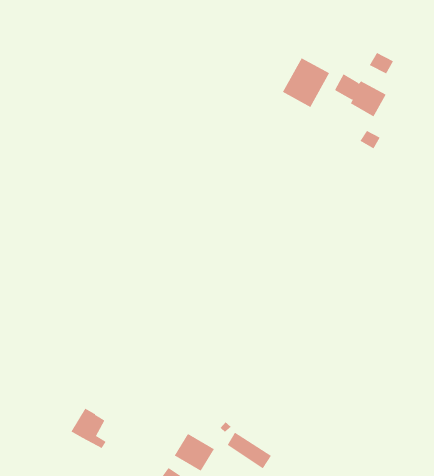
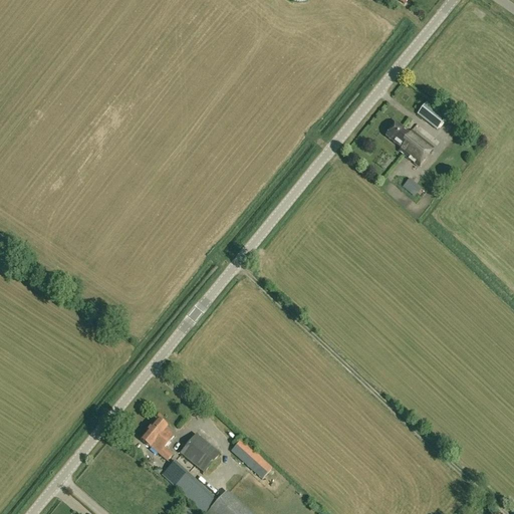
building: [282,57,330,108] -> none
building: [70,408,106,449] -> [141,418,175,459]

